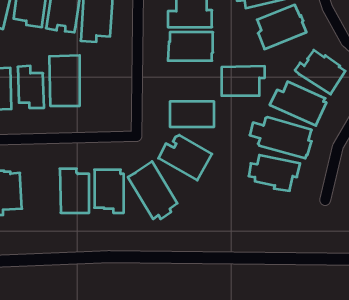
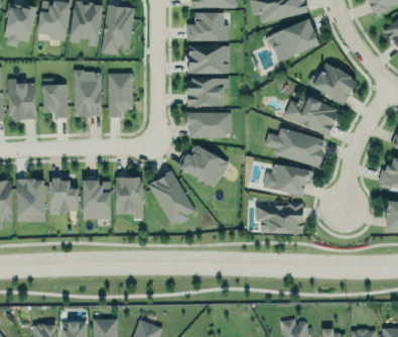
building: none -> [108,73,133,118]
building: [222,66,265,96] -> [187,78,229,106]
building: none -> [49,178,79,215]
building: none -> [255,203,303,234]

